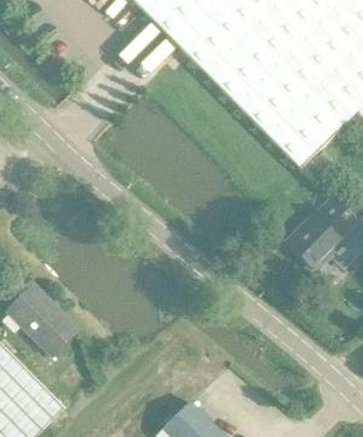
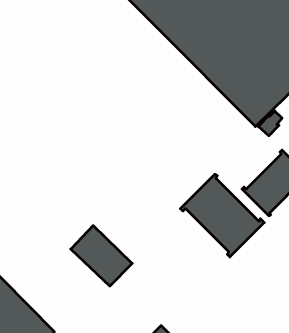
building: none -> [180,174,264,257]
building: [7,283,79,354] -> [71,226,132,286]

